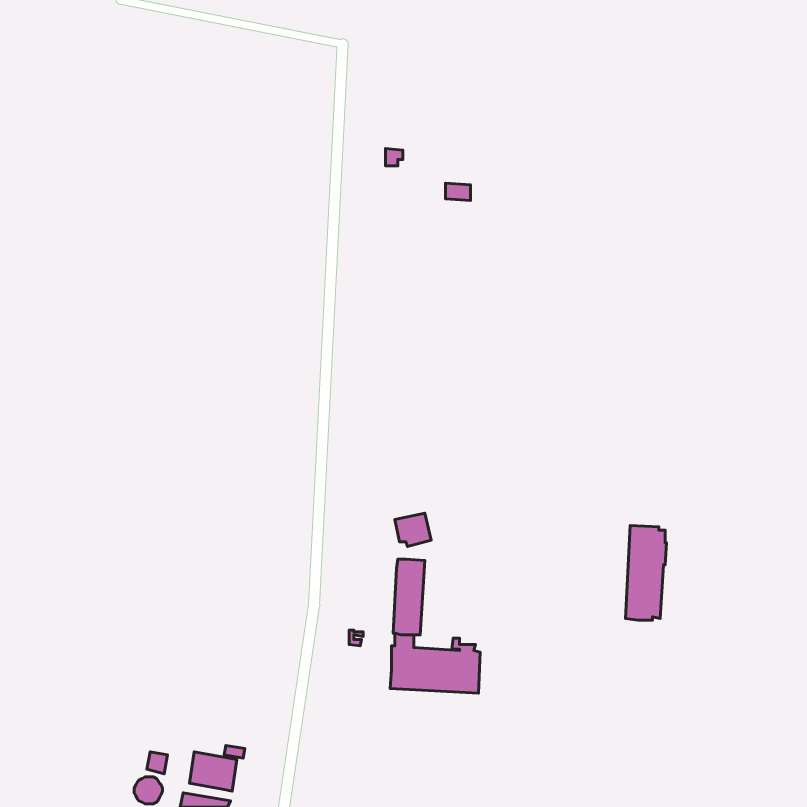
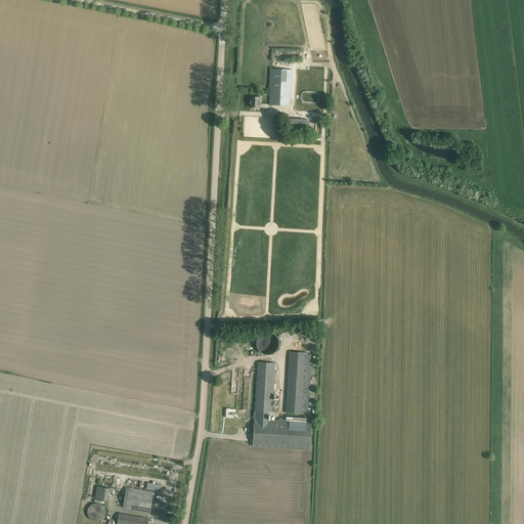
building: none -> [269,69,292,105]
building: [626,525,667,620] -> [286,352,312,413]

